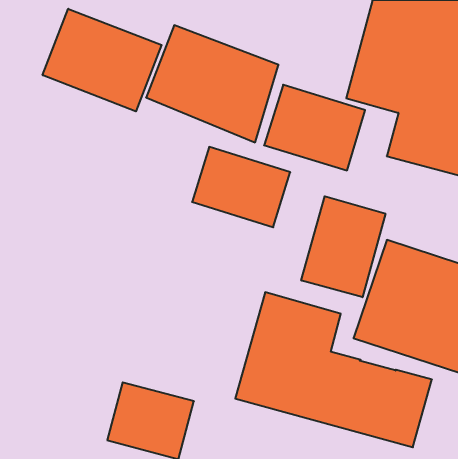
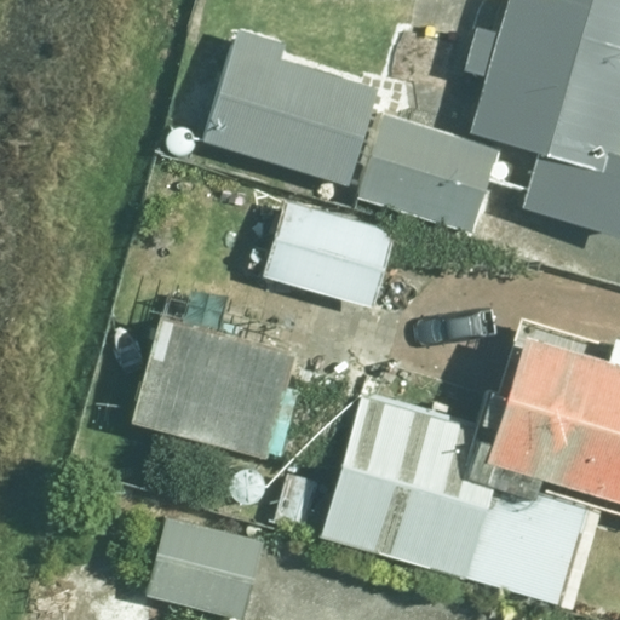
building: [43,9,162,111] -> none
building: [301,196,385,297] -> none
building: none -> [138,320,341,459]

